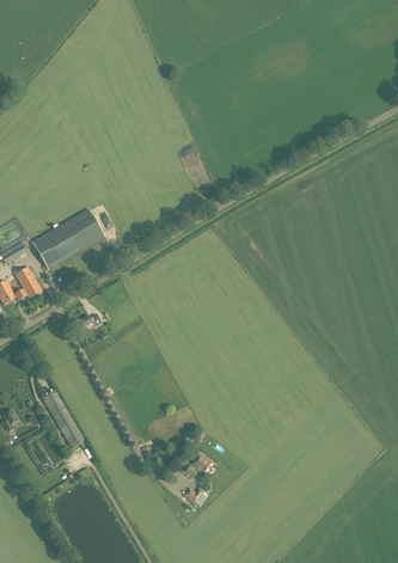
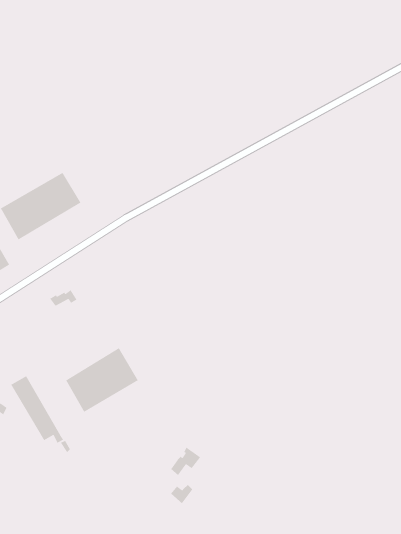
building: none -> [65,347,139,413]

